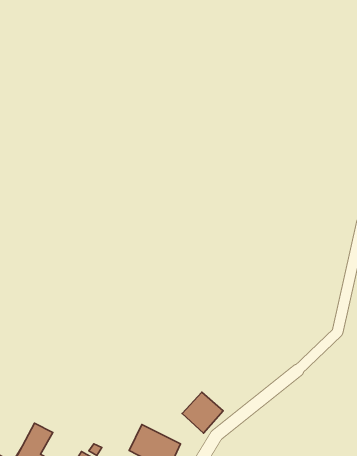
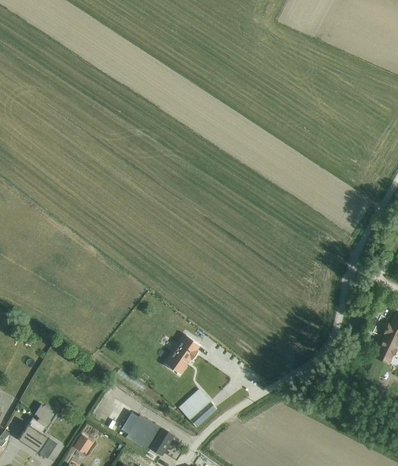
building: none -> [164,334,200,374]

